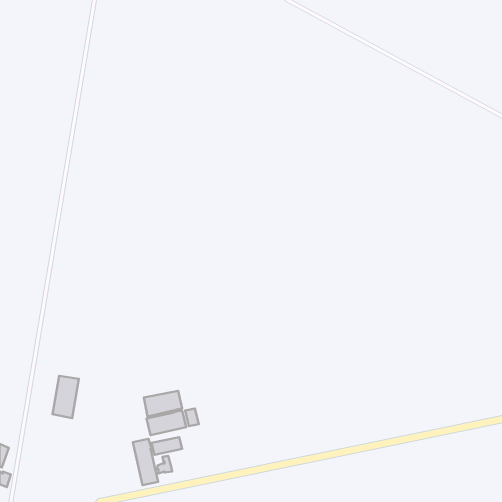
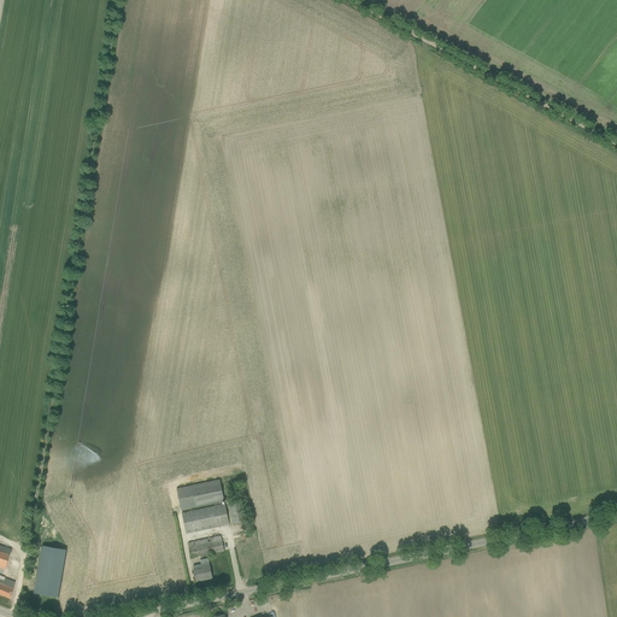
building: [52,376,79,418] -> [33,545,65,597]
building: [133,439,158,485] -> none

